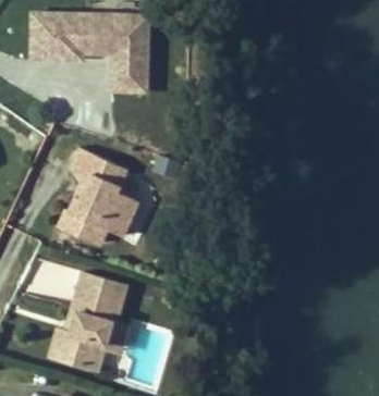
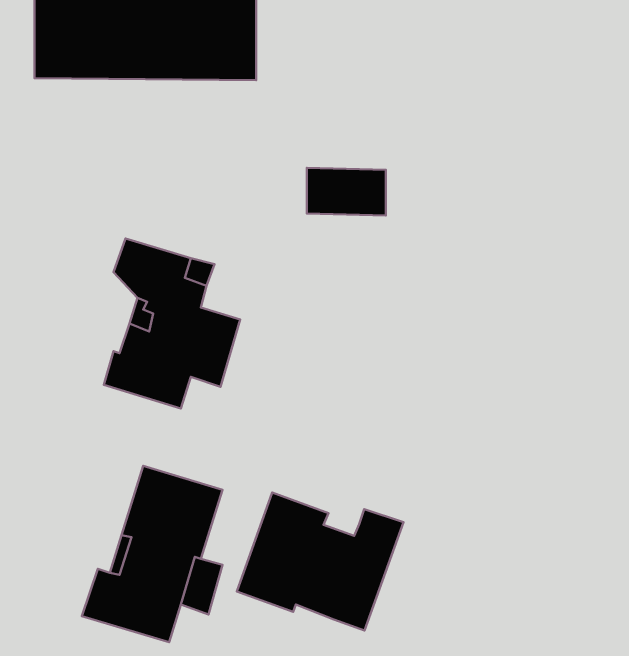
building: [102,63,146,89] -> [307,168,386,215]
building: none -> [237,493,403,631]

